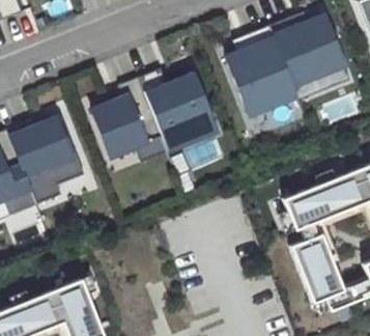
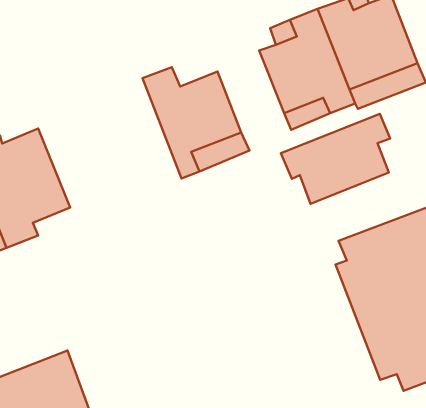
building: [92,76,168,161] -> none
building: none -> [281,114,390,204]

